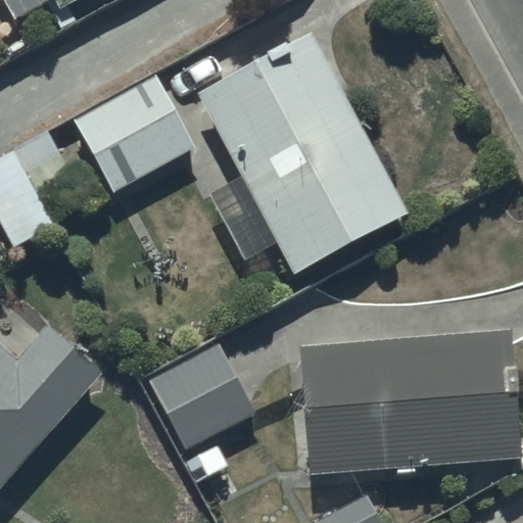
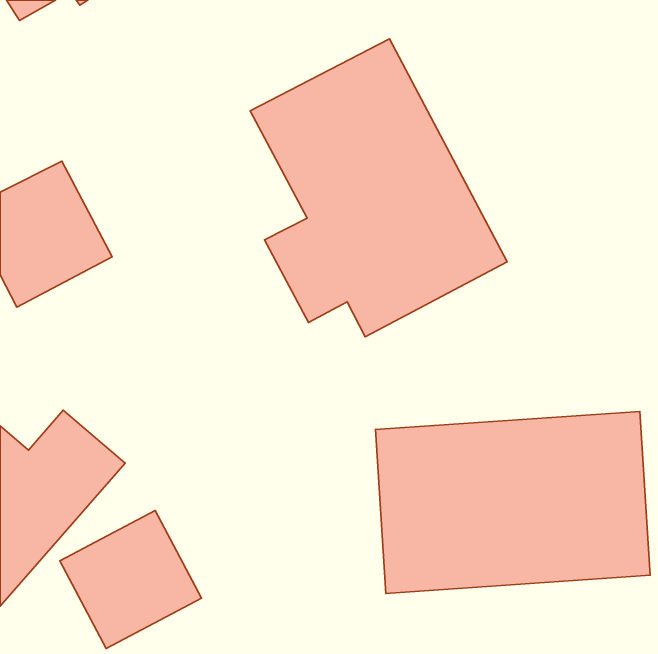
building: [75,77,193,190] -> none
building: [144,343,256,453] -> [60,510,202,648]

